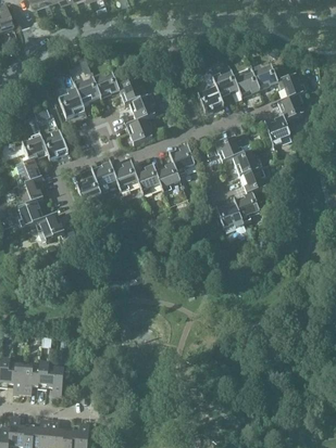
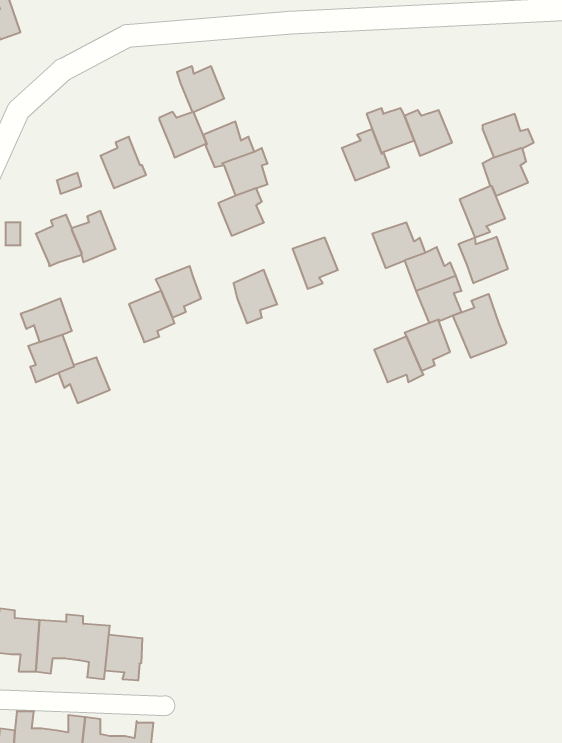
building: [251,64,278,90] -> none
building: [74,77,101,103] -> [177,66,224,112]
building: none -> [459,237,508,283]
building: [17,158,42,185] -> none
building: [113,161,138,190] -> none
building: [155,162,182,191] -> none
building: none -> [453,294,506,358]
building: none -> [105,634,142,681]

